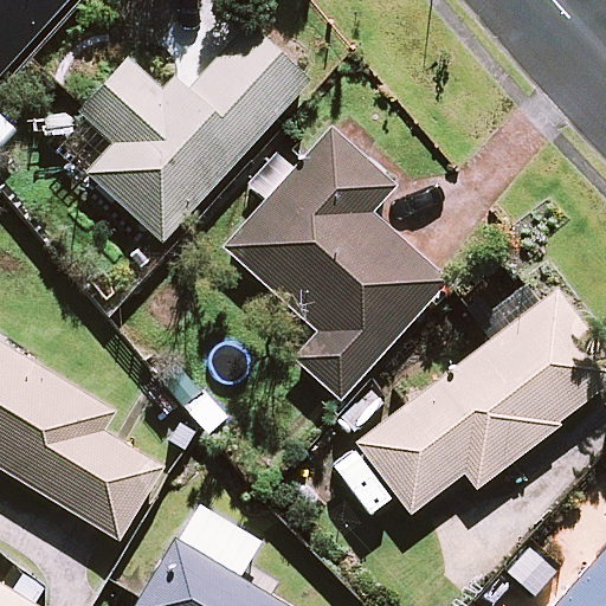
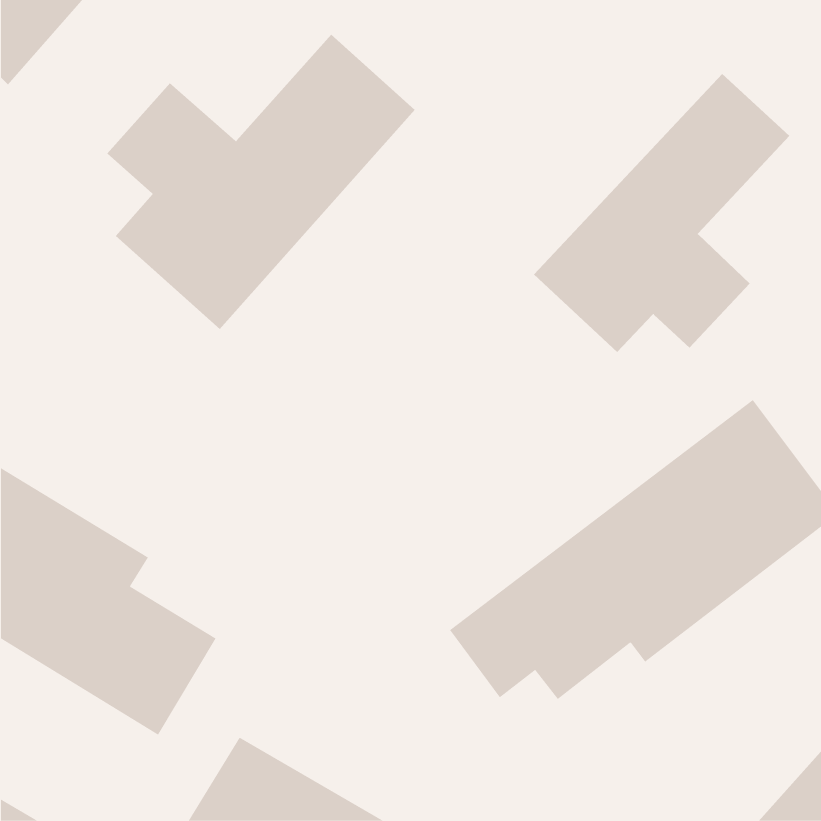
building: none -> [533,73,790,353]
building: [226,131,445,398] -> none

